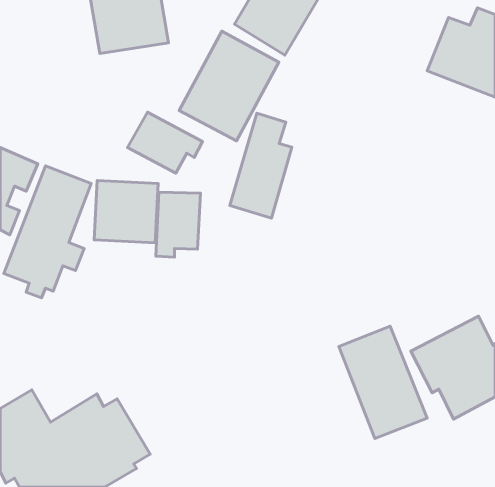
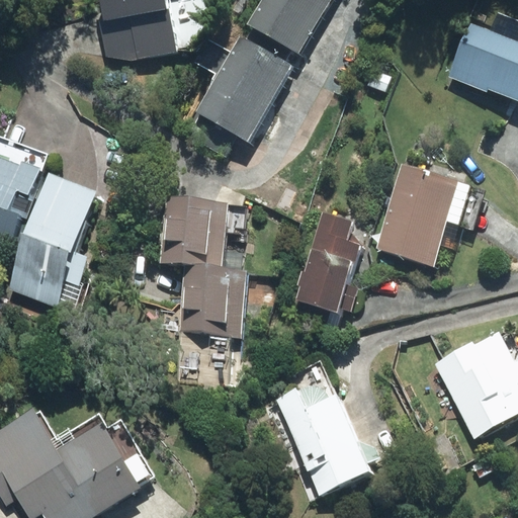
building: [128,112,202,173] -> none
building: [230,113,292,218] -> [292,210,357,320]
building: none -> [374,166,470,268]
building: [94,181,158,243] -> [179,272,246,337]
building: [339,326,427,439] -> [282,371,374,489]

